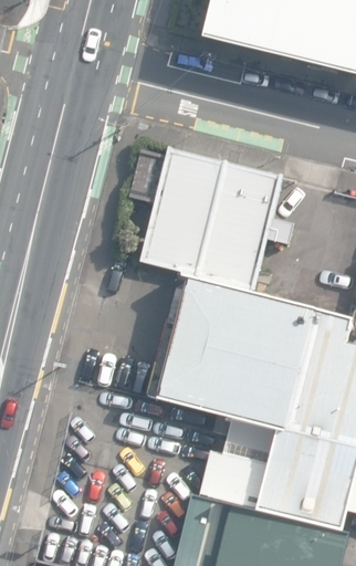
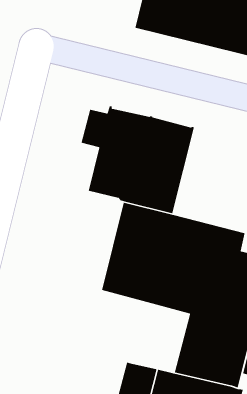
building: [197,417,274,509] -> none

